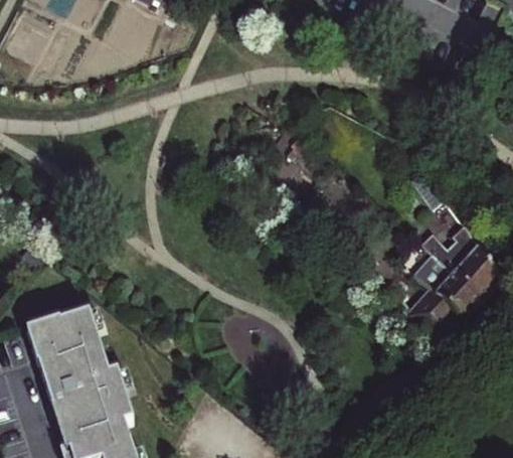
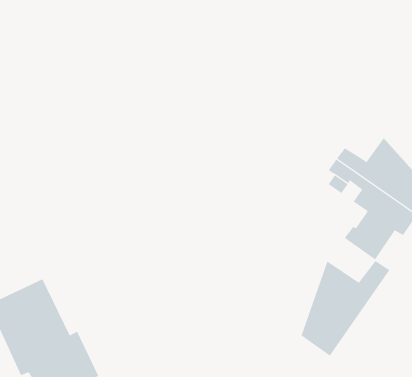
building: none -> [301,260,390,356]

